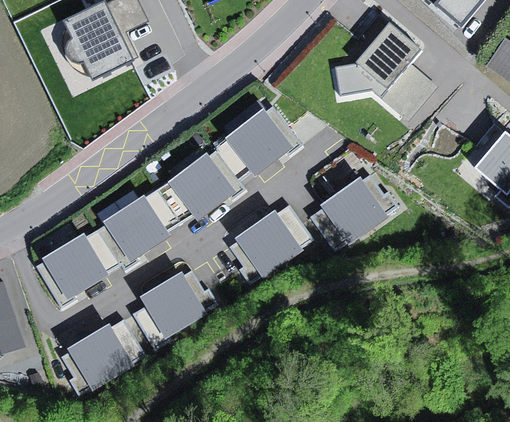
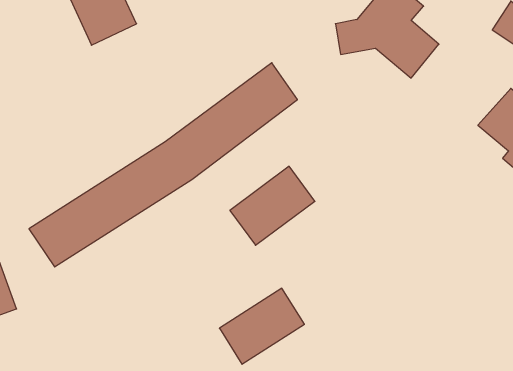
building: [312,175,396,251] -> none
building: [131,271,214,345] -> [219,288,304,364]
building: [61,318,145,391] -> none

